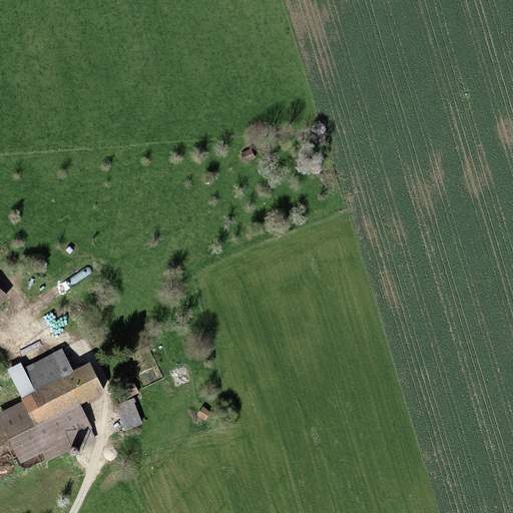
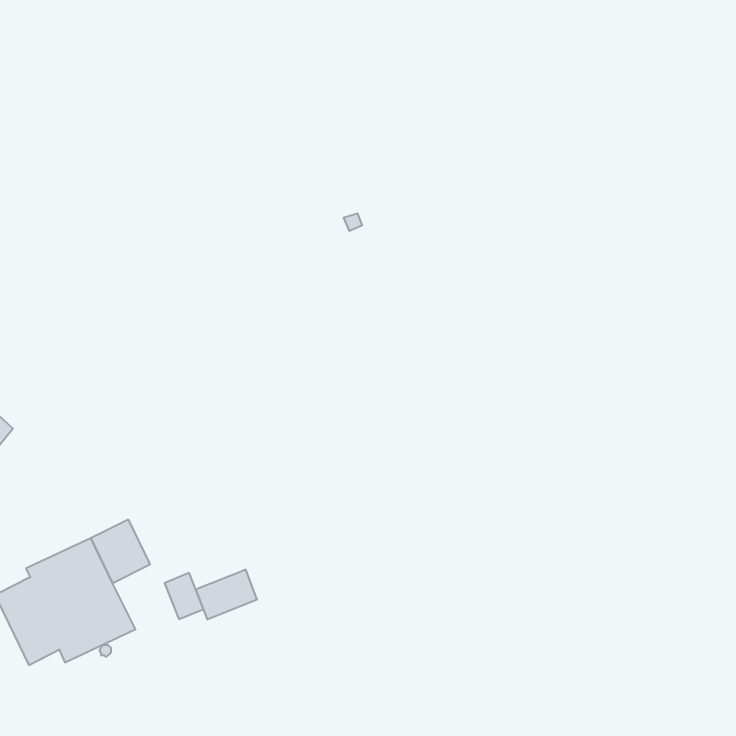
building: [5,348,71,395] -> none
building: none -> [196,569,257,620]

